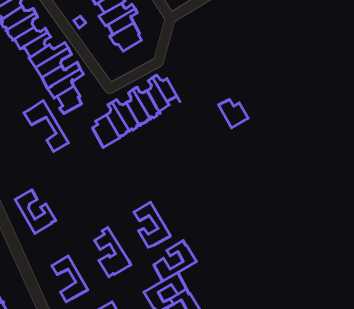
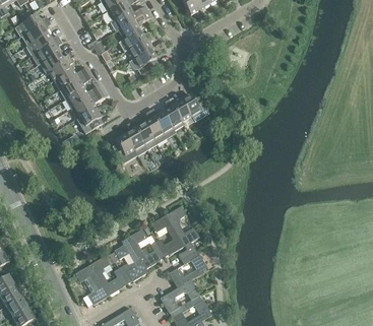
building: [219,99,248,128] -> [181,94,208,121]
building: [24,100,69,151] -> none
building: [15,190,56,233] -> [89,255,127,296]
building: none -> [166,205,199,259]
building: none -> [126,229,164,268]

